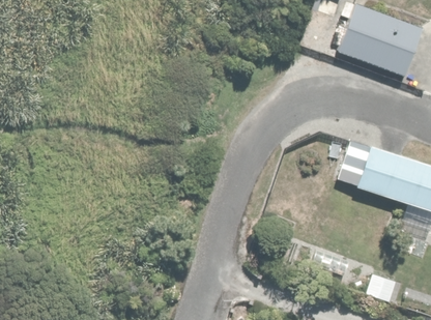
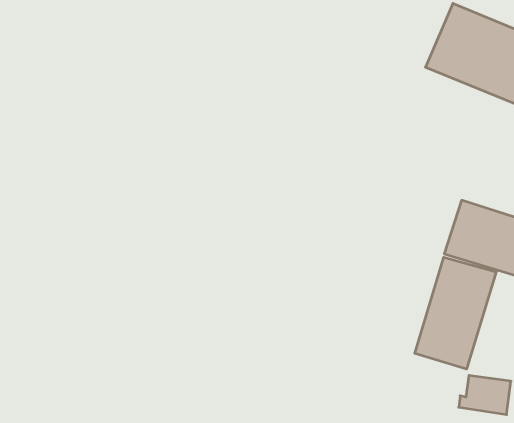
building: none -> [415,257,496,369]

